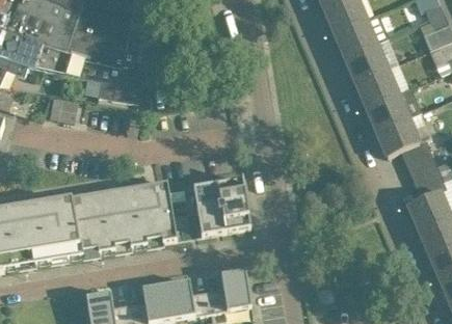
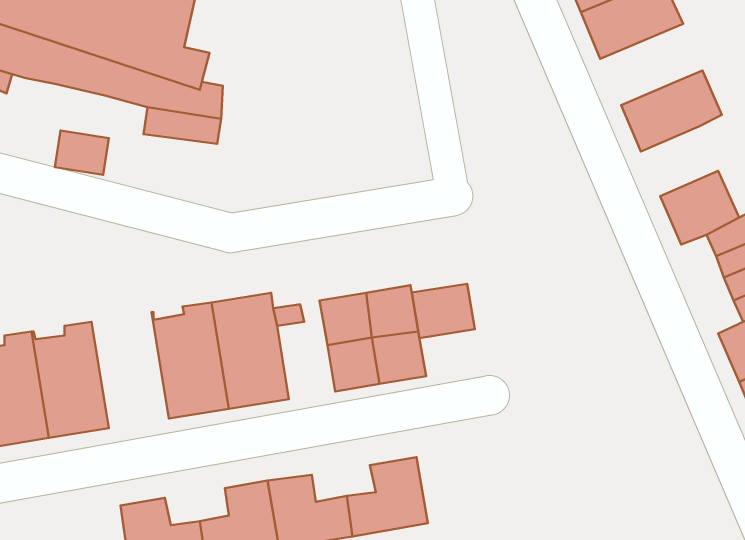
building: [343,36,398,80] -> none
building: [365,91,406,129] -> none
building: none -> [412,284,475,338]
building: [70,191,111,253] -> none

